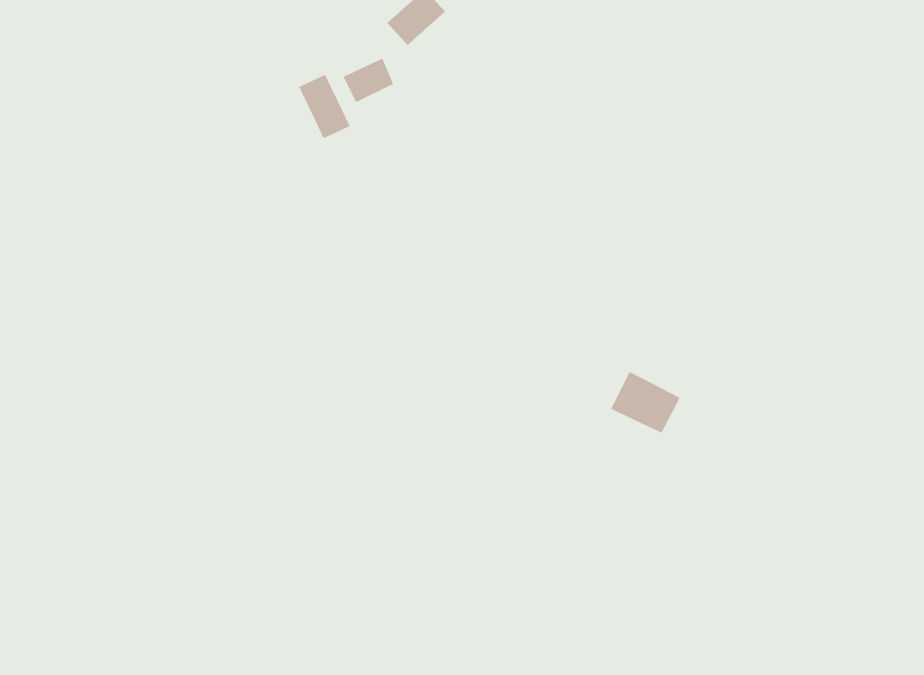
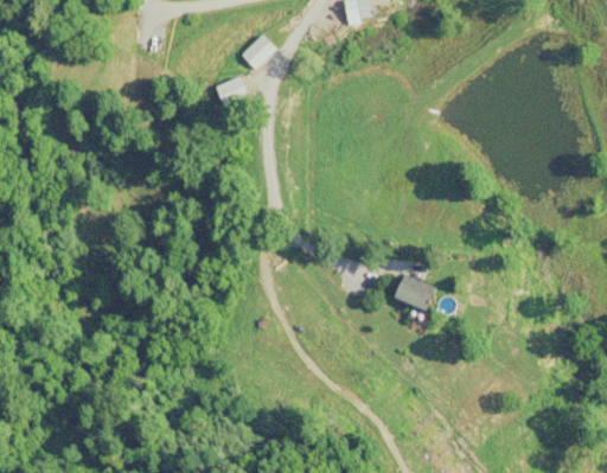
building: [298,74,351,139] -> none

